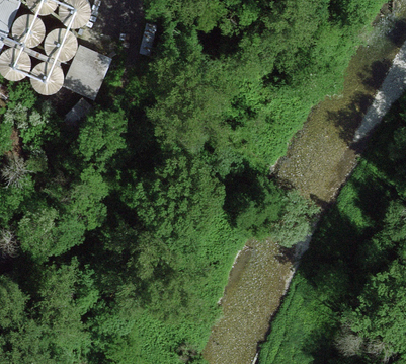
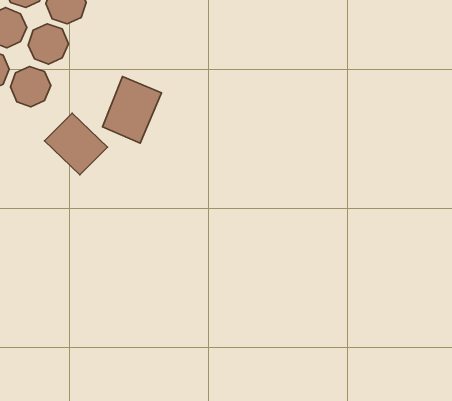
building: [64,44,111,97] -> [102,77,162,143]

